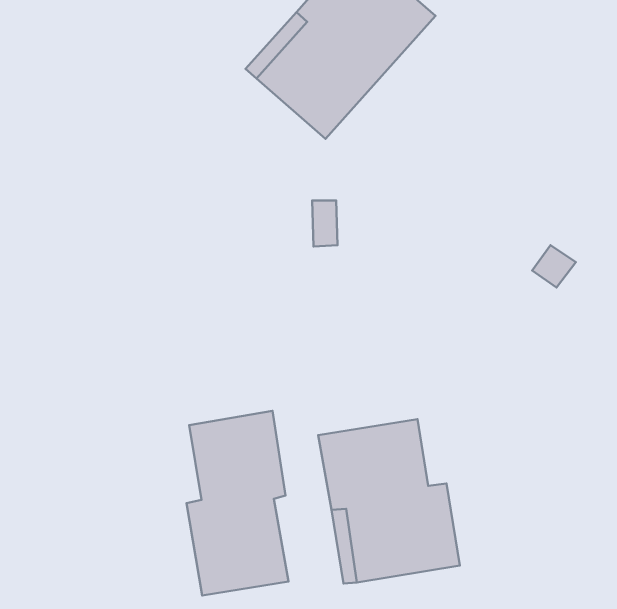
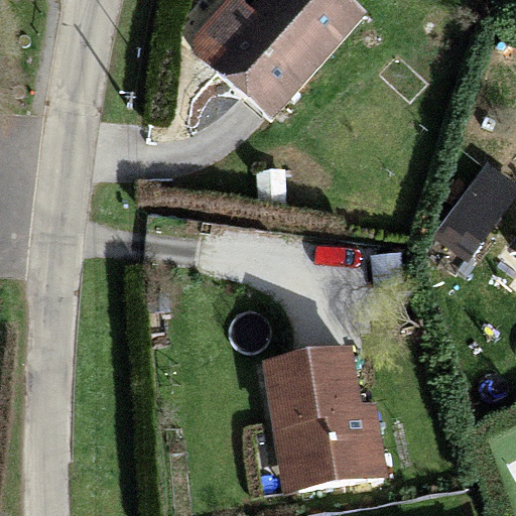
building: [187,411,288,596] -> none

